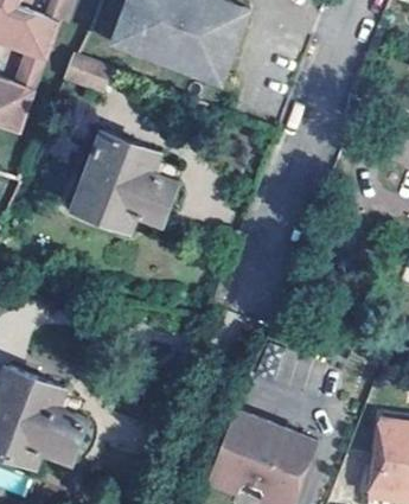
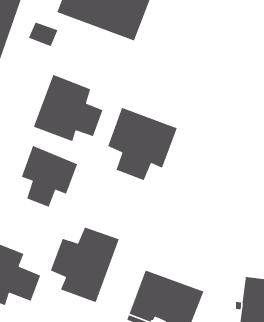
building: none -> [107,107,178,181]
building: none -> [21,145,78,208]
building: none -> [50,227,120,303]

